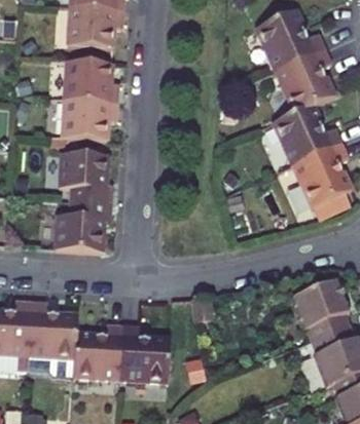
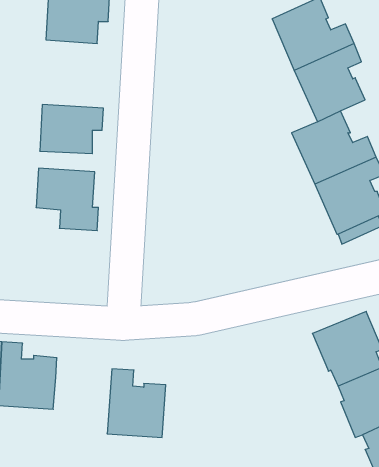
building: [64,62,117,104] -> none
building: [56,204,110,256] -> none
building: [72,321,122,377] -> none

